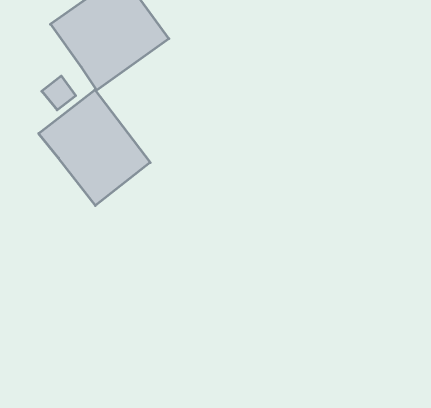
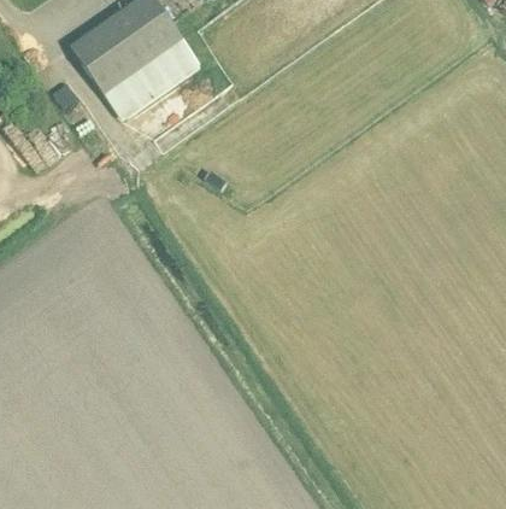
building: [39,90,150,206] -> none

